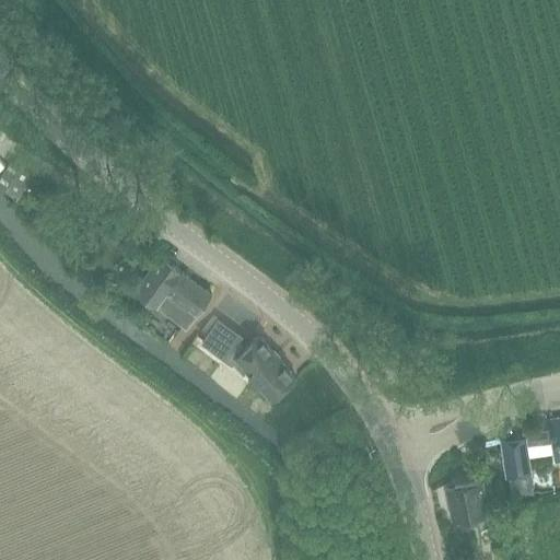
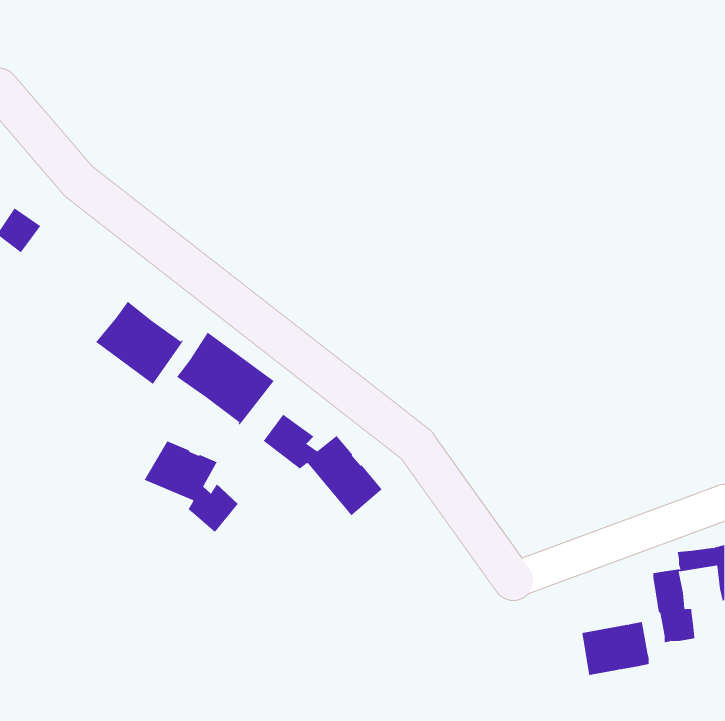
building: none -> [95,301,184,385]
building: none -> [144,441,239,533]

